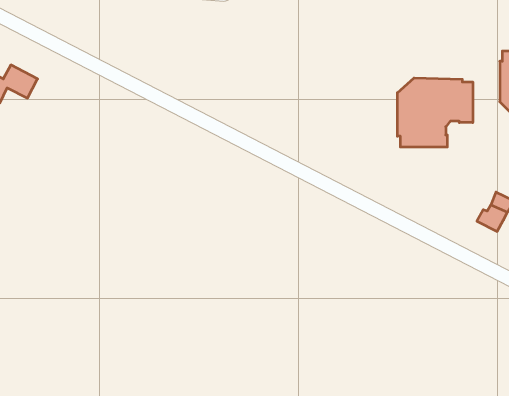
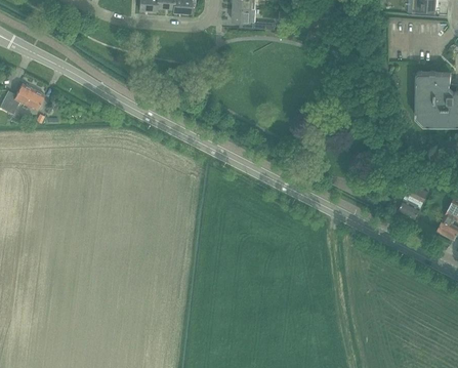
building: [397,78,473,147] -> none

